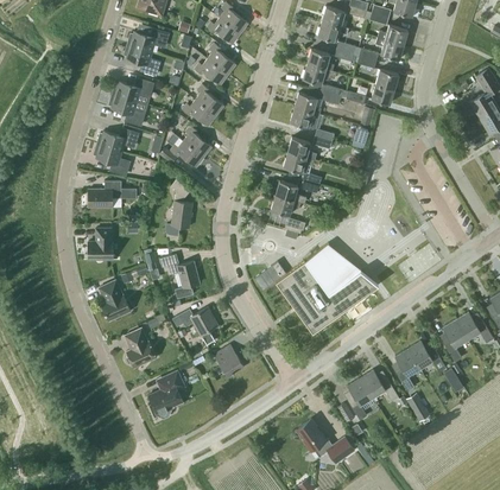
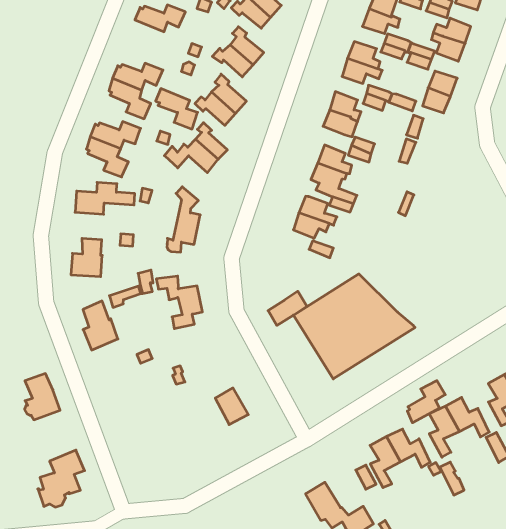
building: [124,44,159,76] -> [156,89,198,129]
building: [172,307,219,345] -> none
building: none -> [407,381,445,423]
building: [125,329,156,368] -> [25,374,60,420]
building: [147,370,185,419] -> [38,450,85,507]

